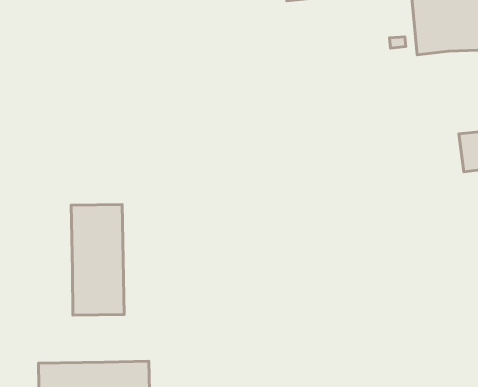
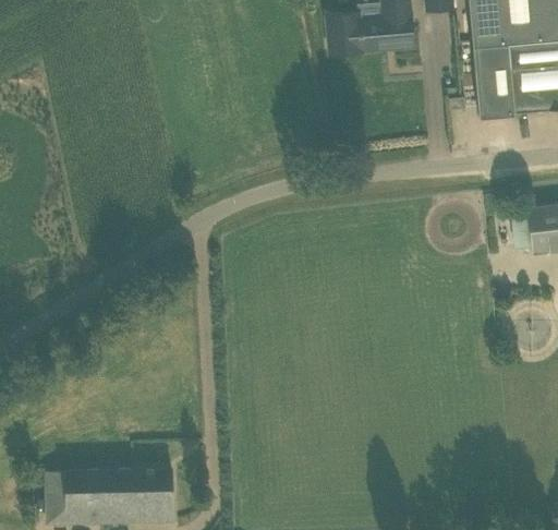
building: [71,204,124,315] -> none

